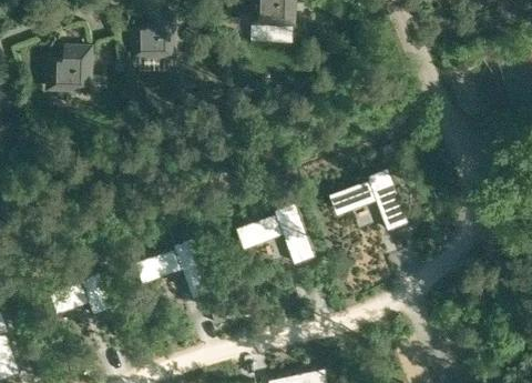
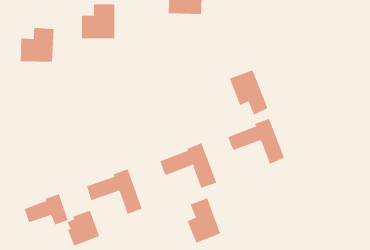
building: none -> [229,69,268,115]
building: none -> [187,198,221,244]
building: none -> [67,210,100,246]

